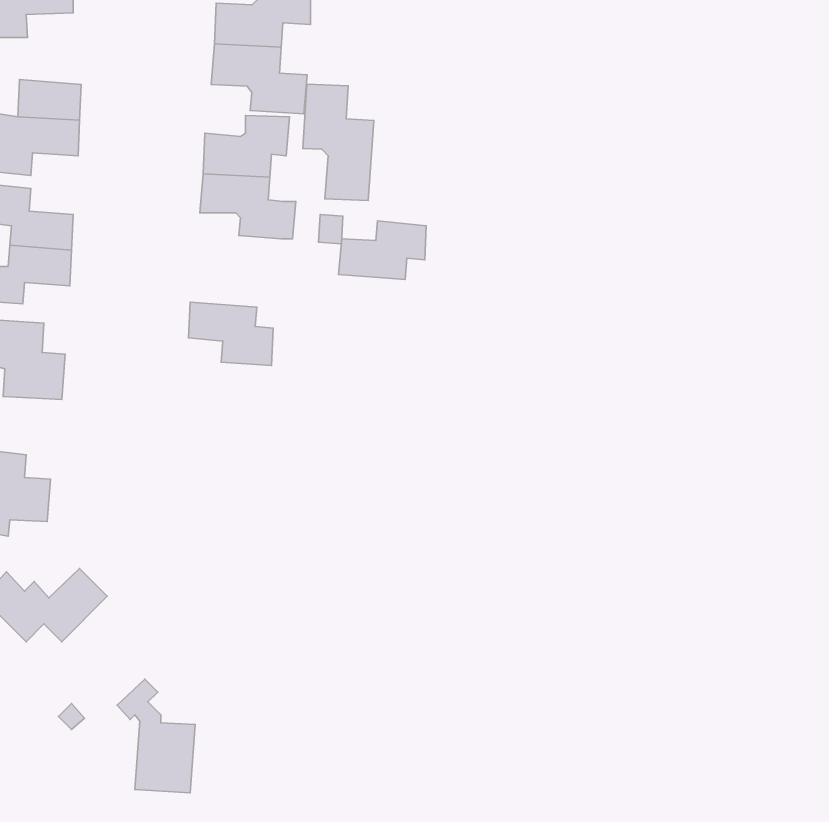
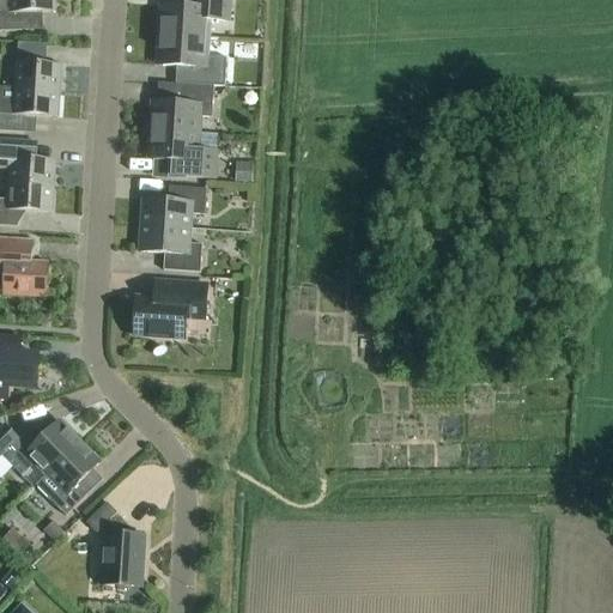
building: [303,84,374,200] -> none
building: [339,221,426,279] -> [140,183,205,226]
building: none -> [133,279,206,336]
building: none -> [45,439,99,514]

